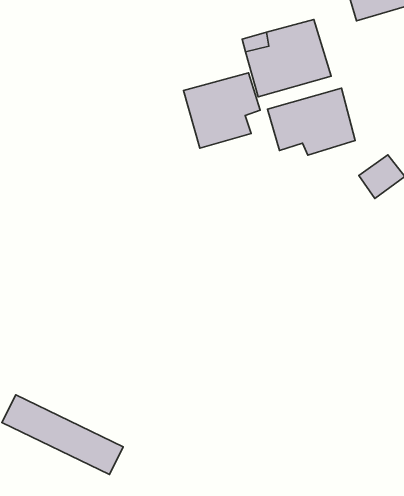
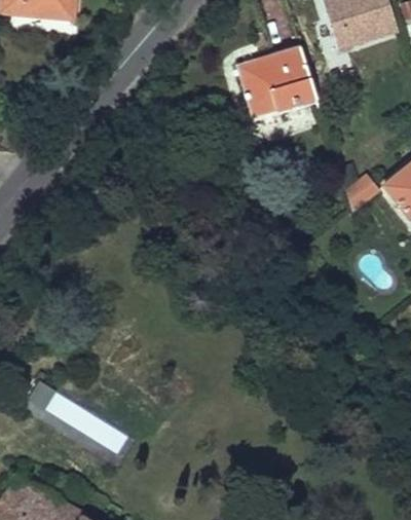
building: [183,73,260,148] -> none
building: [268,88,355,155] -> none

